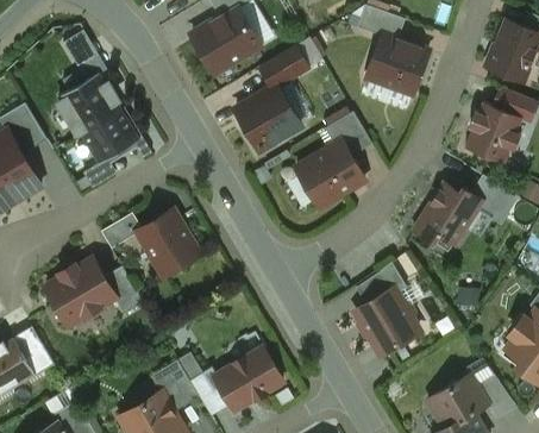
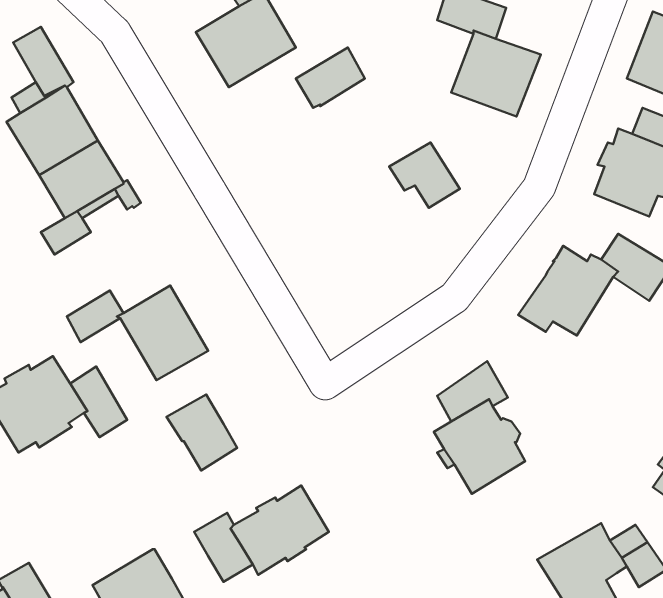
building: [236,86,300,150] -> none
building: [295,142,364,207] -> none
building: [150,360,199,413] -> [167,395,237,470]

